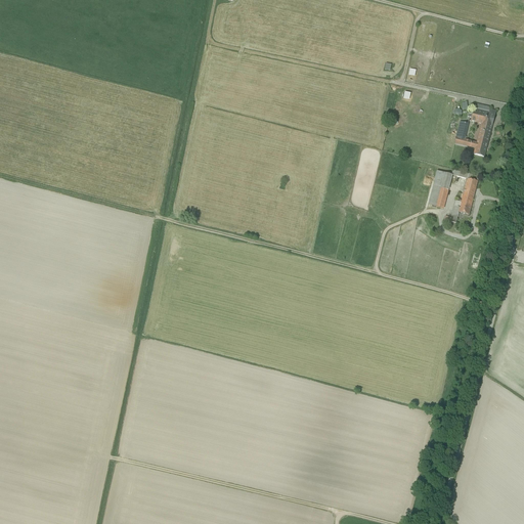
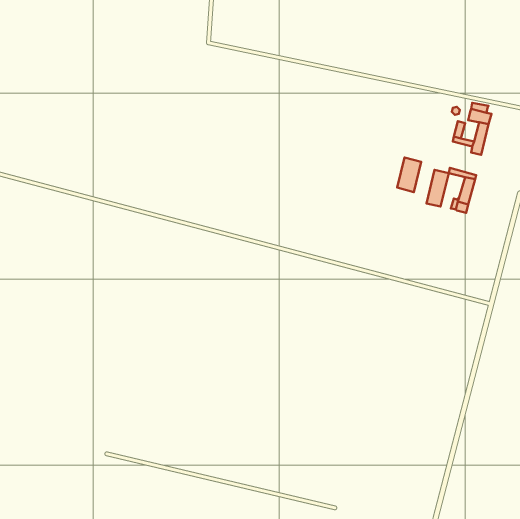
building: none -> [397,158,421,192]

